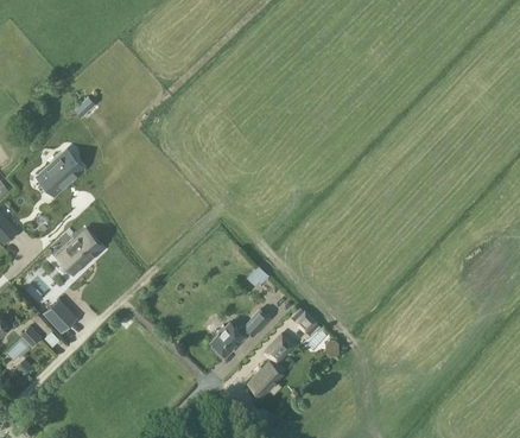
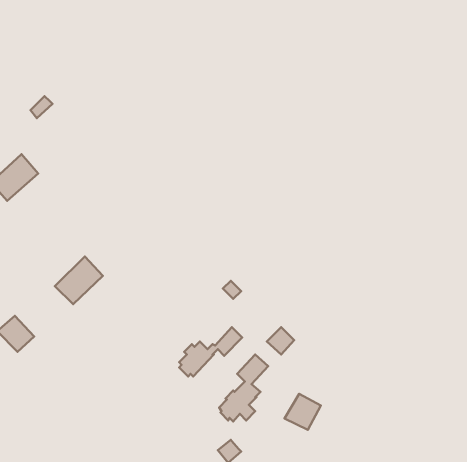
building: [57,228,101,272] -> [55,256,103,304]
building: none -> [285,394,321,430]

